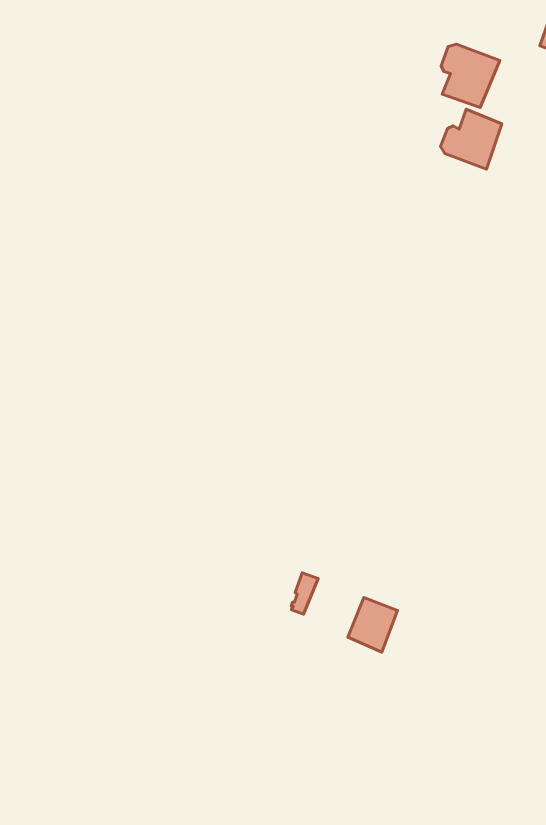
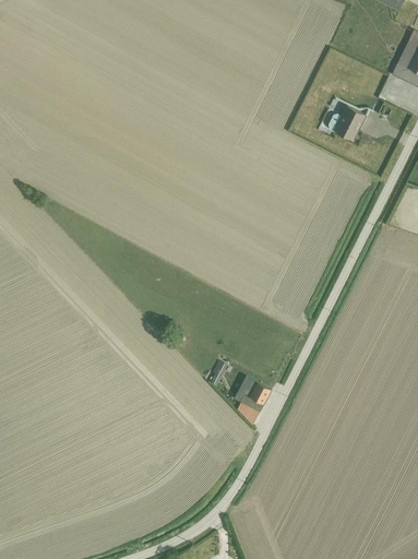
building: [441,44,500,107] -> none

